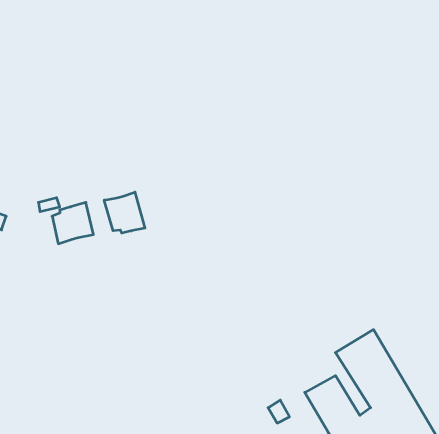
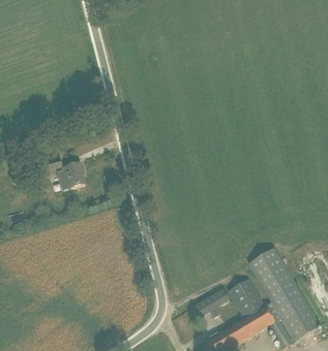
building: [104,192,145,233] -> none

